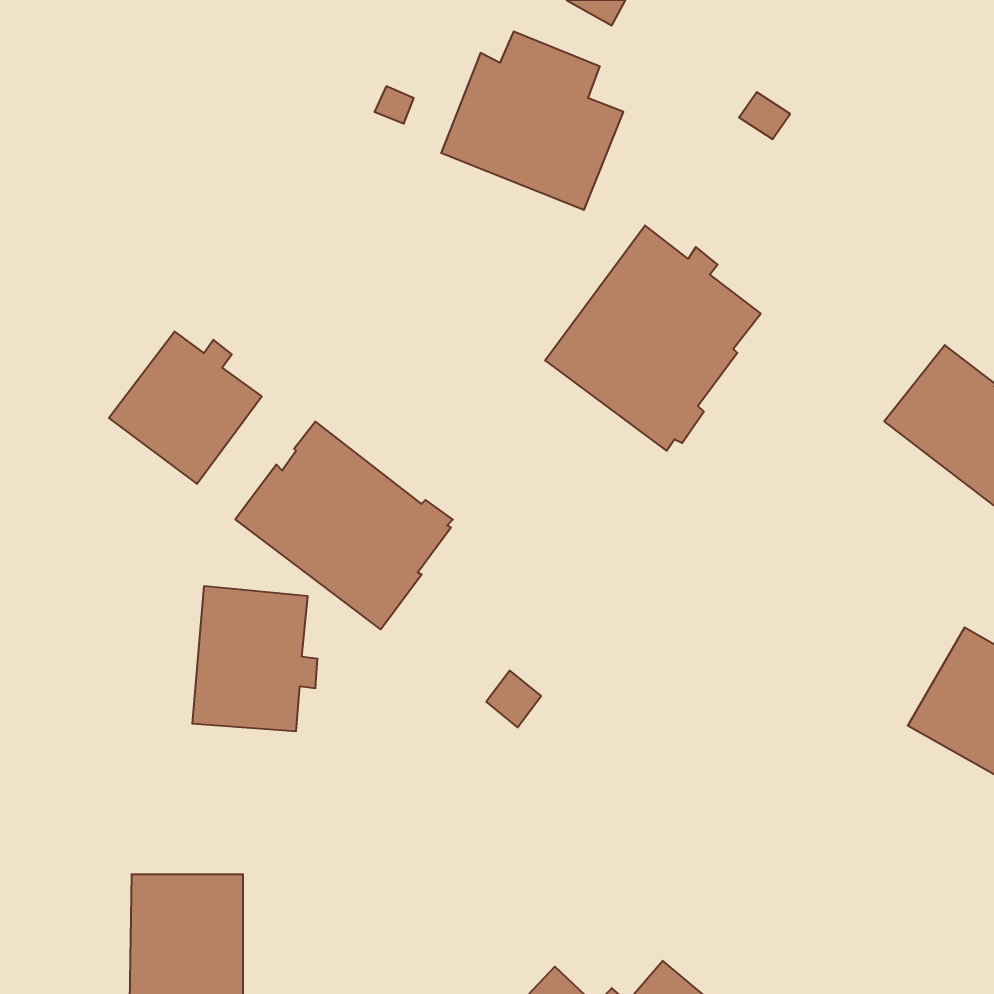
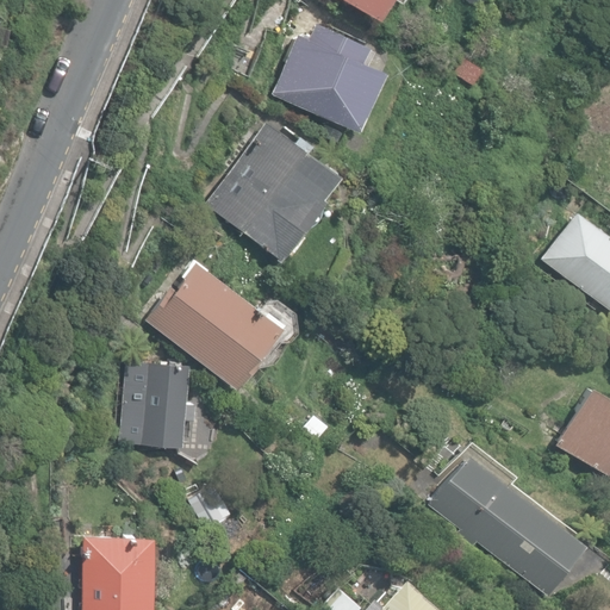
building: [545,225,761,451] -> [207,124,338,261]
building: [109,331,262,484] -> none
building: none -> [429,455,587,598]

